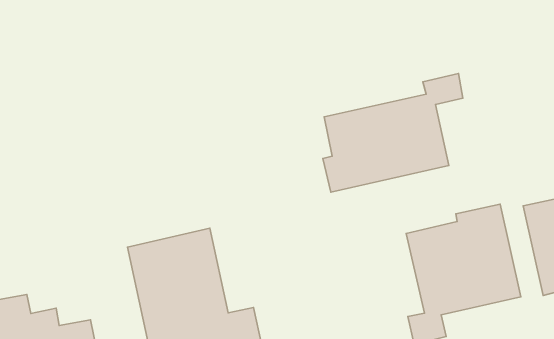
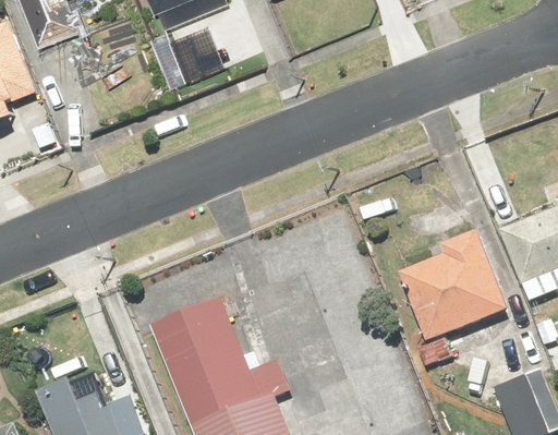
building: [323,74,463,192] -> none

